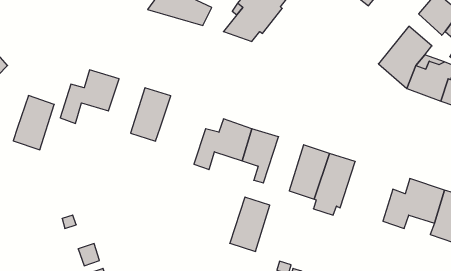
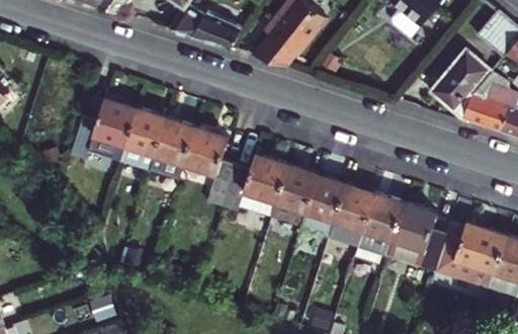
building: [13,96,54,150] -> [119,108,166,170]
building: none -> [183,128,235,205]
building: none -> [387,202,447,270]
building: [230,197,270,251] -> [300,174,346,236]

